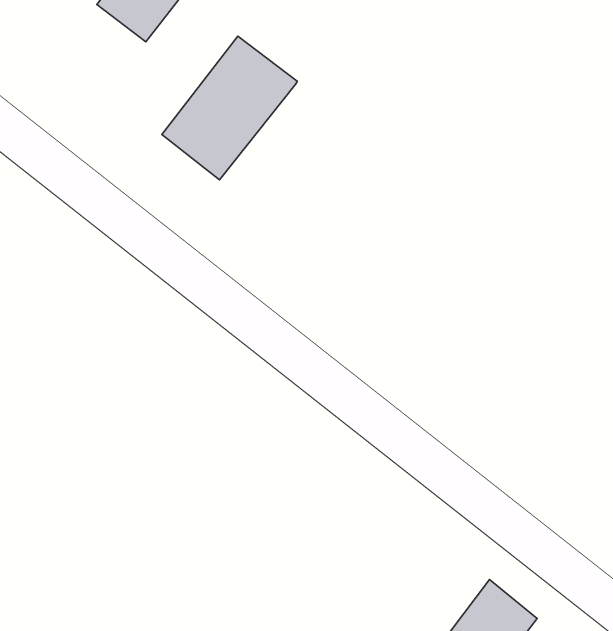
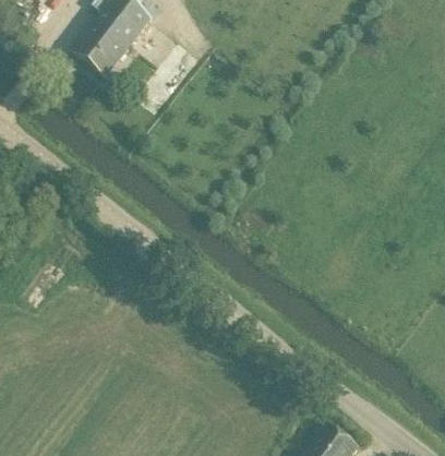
building: [162,36,297,180] -> none

